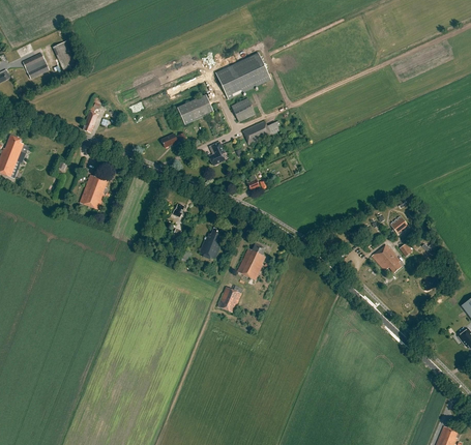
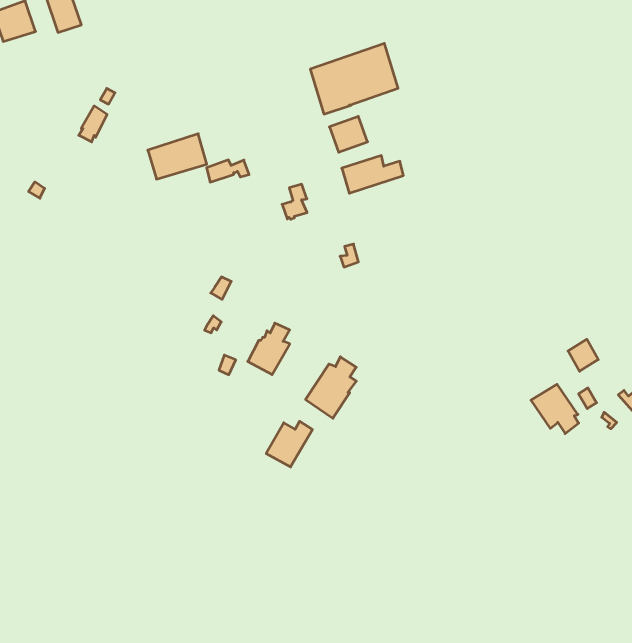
building: [176,94,212,124] -> [148,134,207,179]
building: [79,175,107,210] -> none

